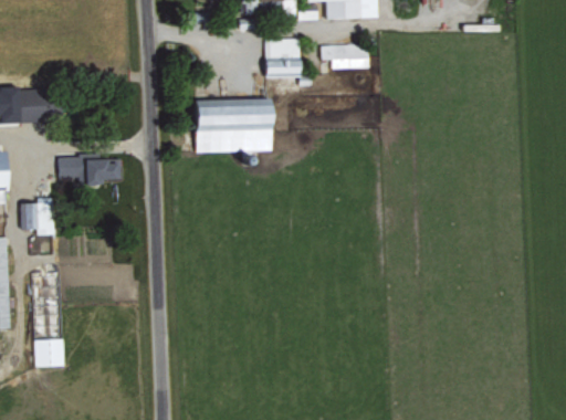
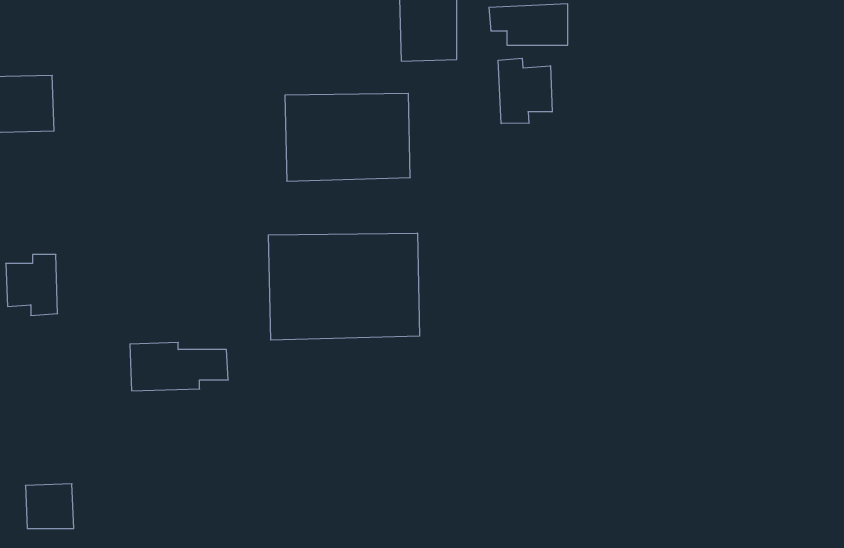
building: none -> [498,58,552,124]
building: [59,156,119,186] -> [130,342,228,391]
building: none -> [268,233,419,340]

